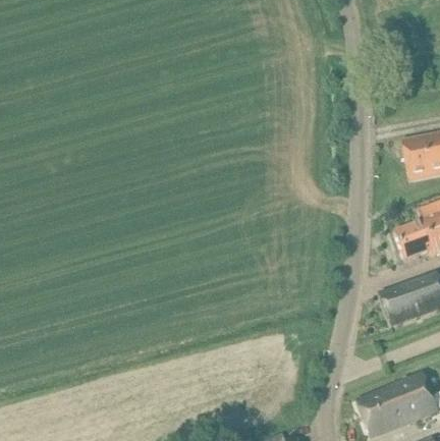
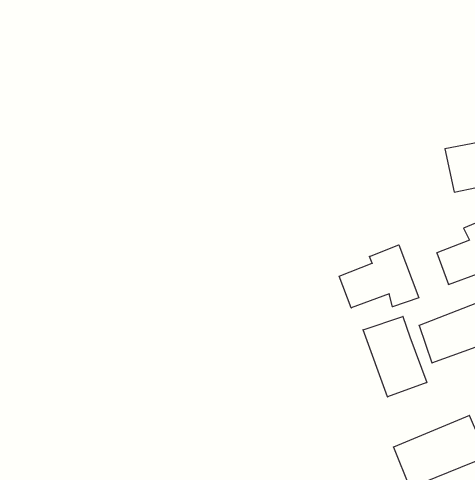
building: none -> [339,245,419,308]
building: none -> [363,316,427,397]

